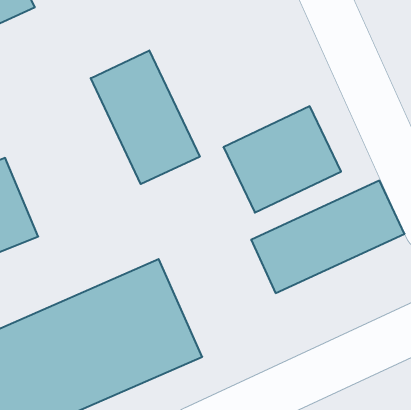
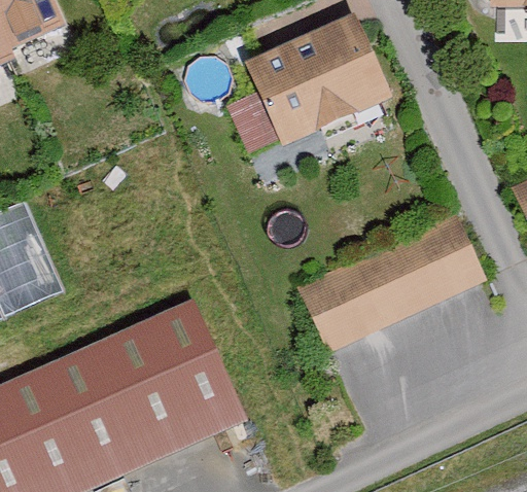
building: [91,50,200,184] -> none
building: [223,106,341,213] -> [252,15,391,141]

